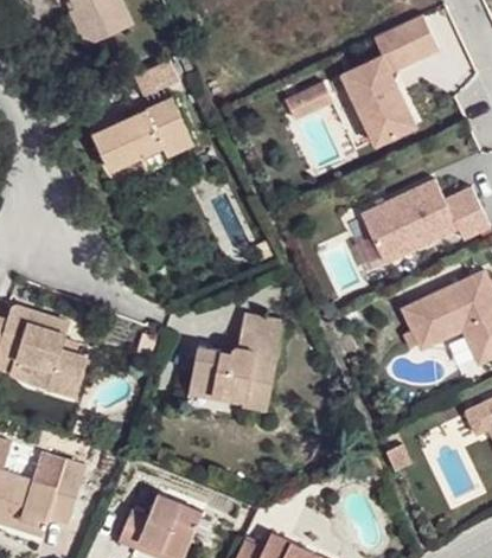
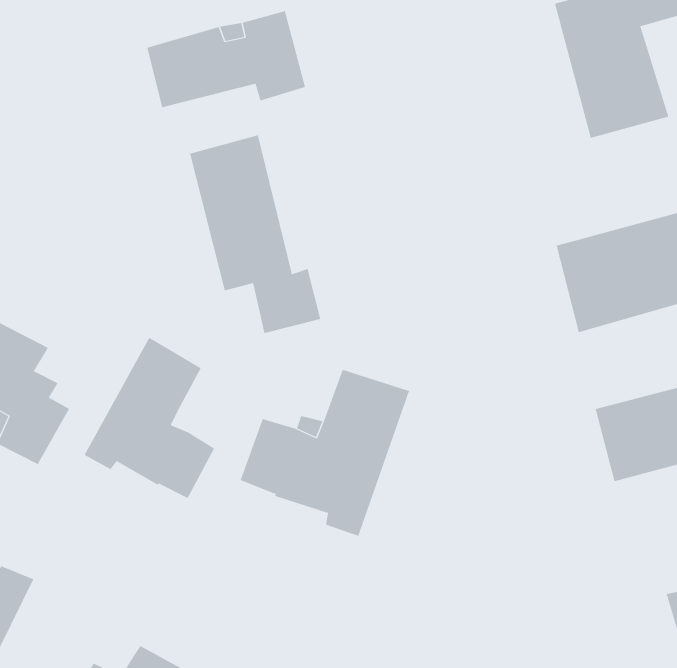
building: [281,81,330,122] -> none
building: none -> [189,134,321,334]
building: none -> [84,337,215,499]

